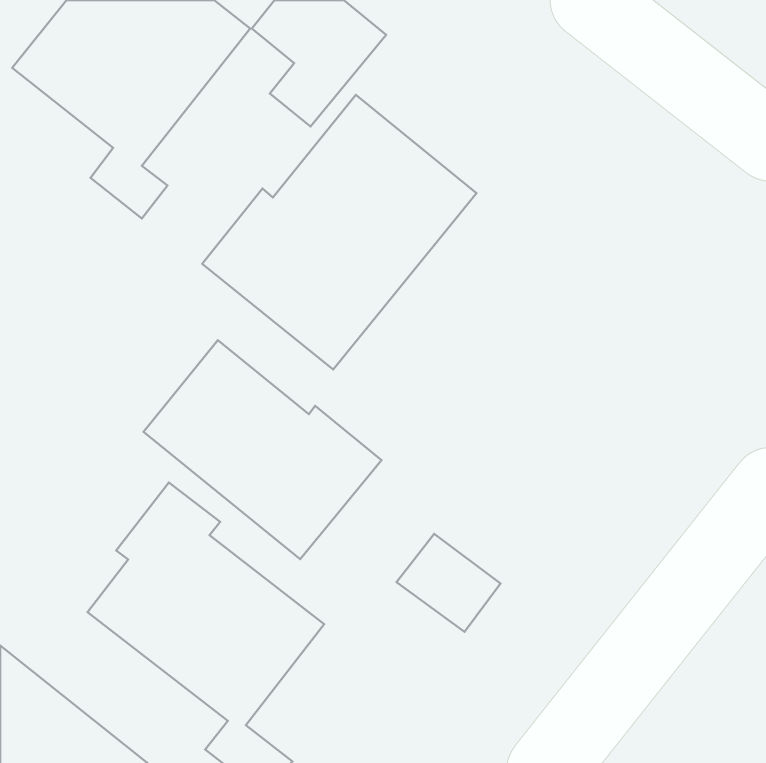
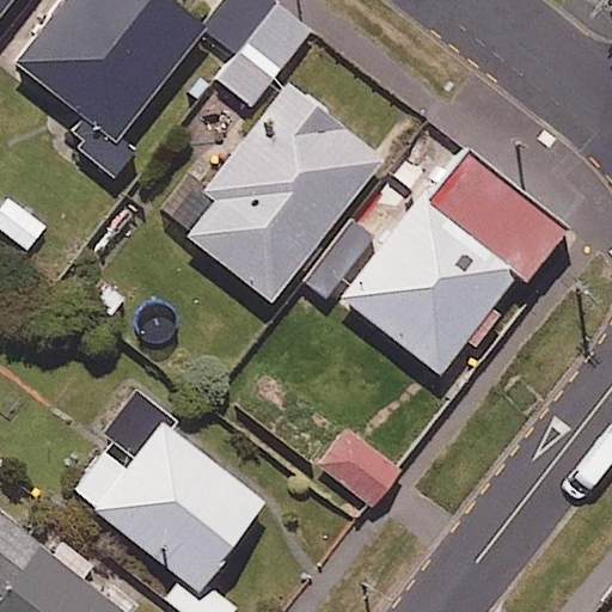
building: none -> [341,137,583,382]
building: [143,340,381,559] -> none

